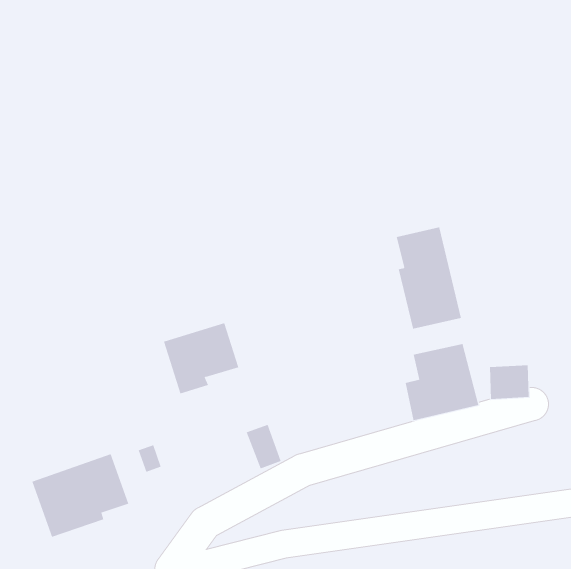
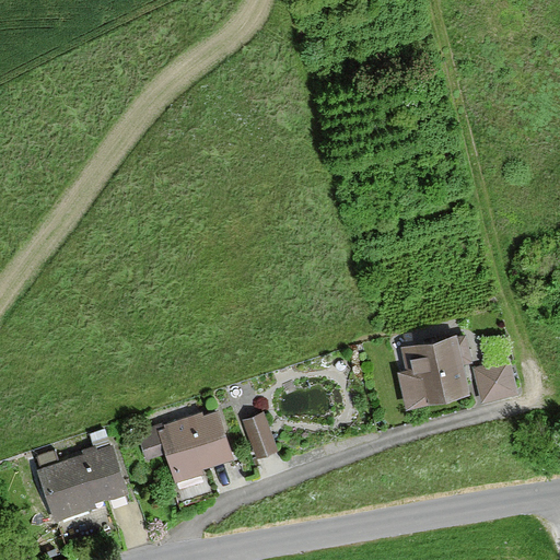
building: [396,226,461,330] -> none
building: [163,322,239,394] -> [159,411,233,481]

